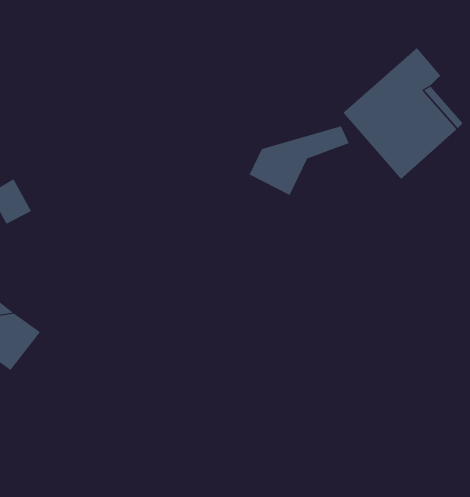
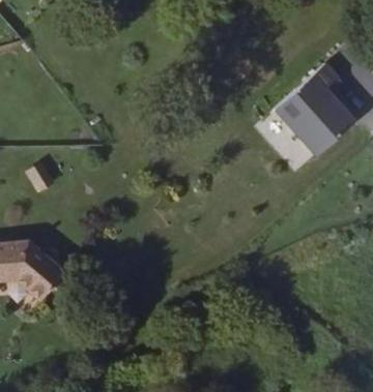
building: [249,125,349,196] -> none

